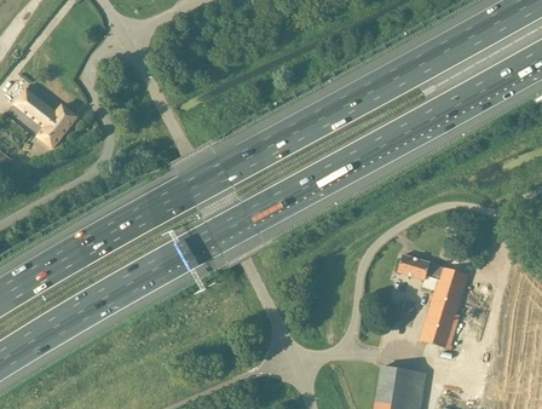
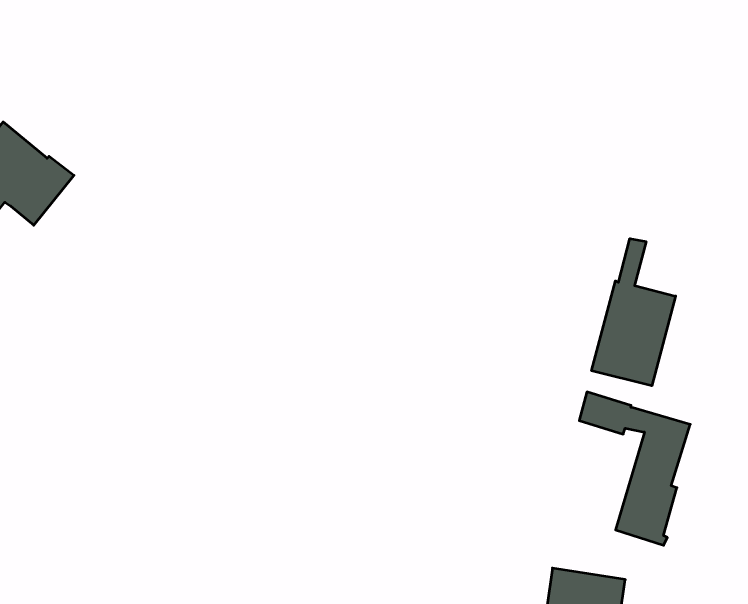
building: none -> [592,239,676,386]

